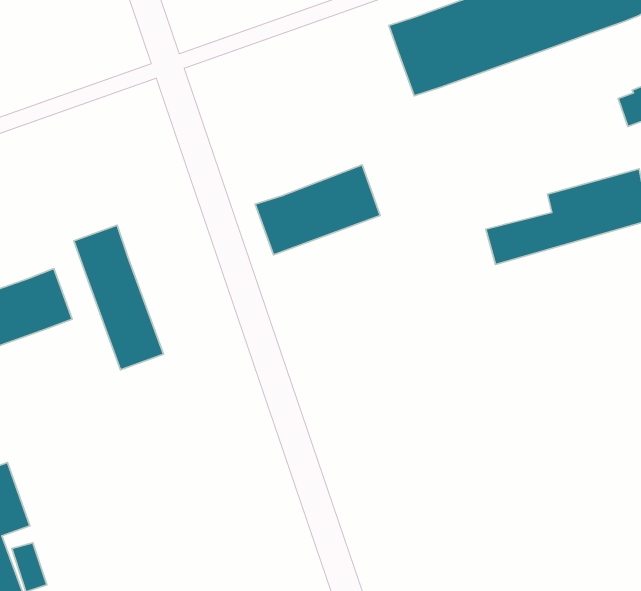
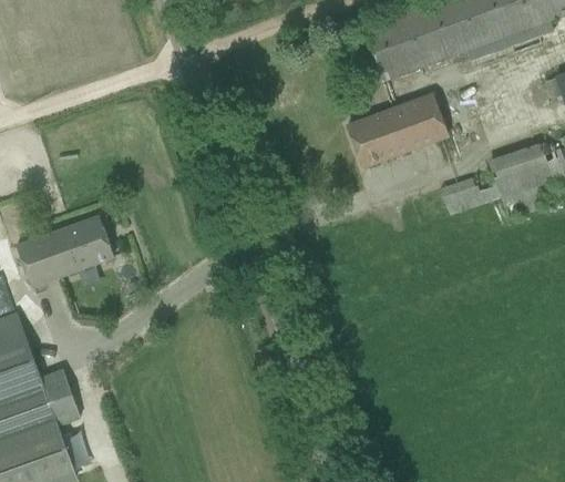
building: [255,165,380,255] -> [348,95,446,166]
building: [74,225,164,370] -> none

